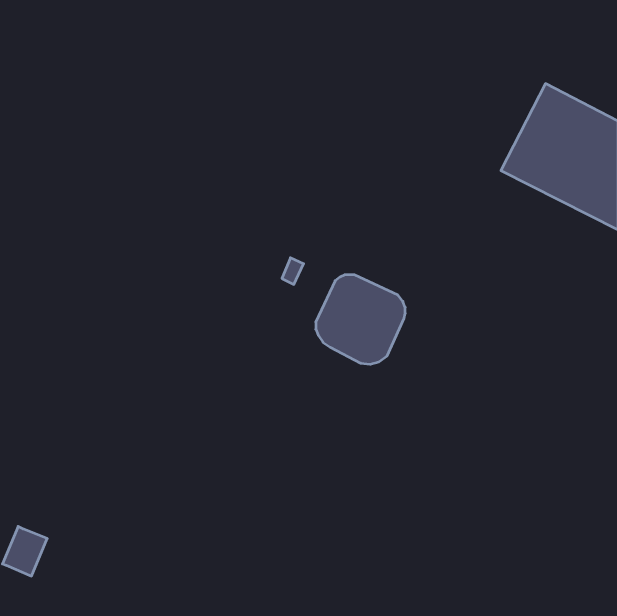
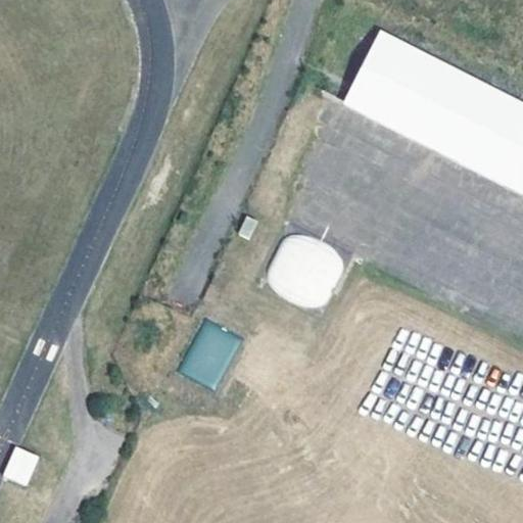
building: none -> [342,30,462,144]

